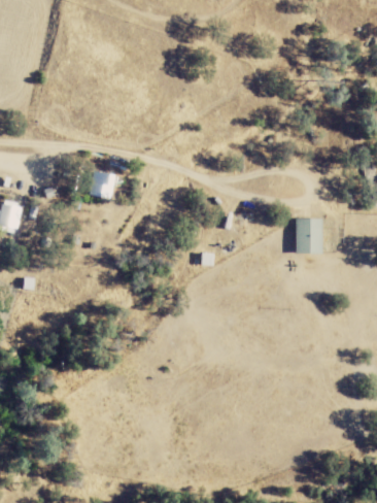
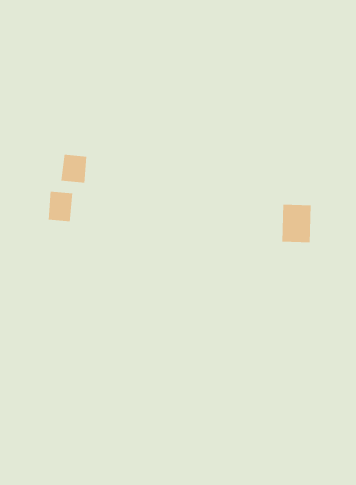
building: none -> [48,191,73,222]

